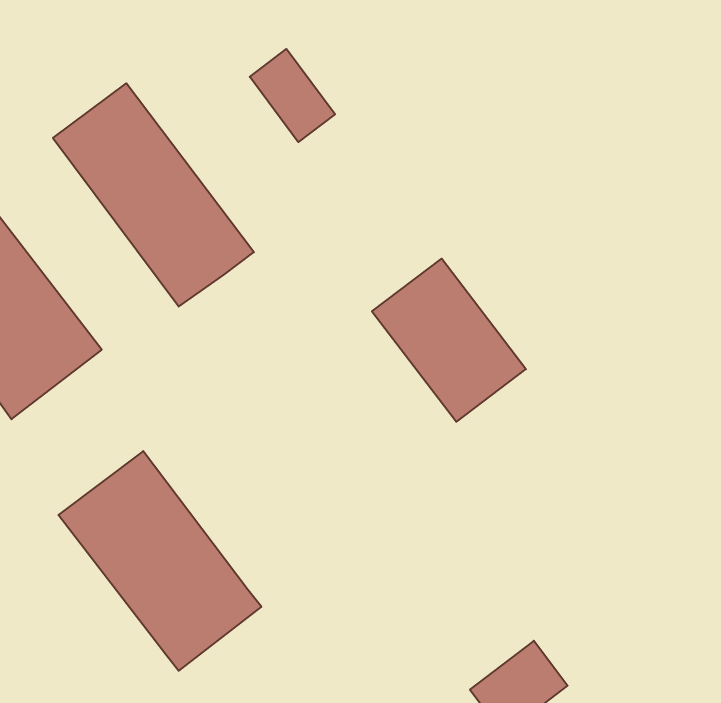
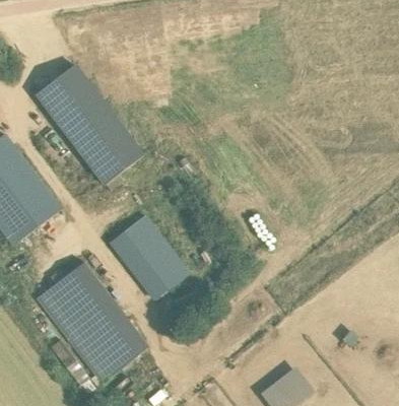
building: [250,49,335,142] -> none
building: [372,259,526,422] -> [108,212,191,300]

